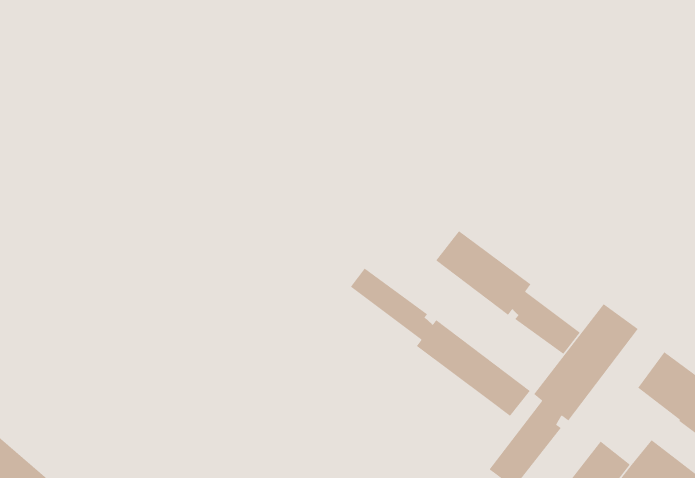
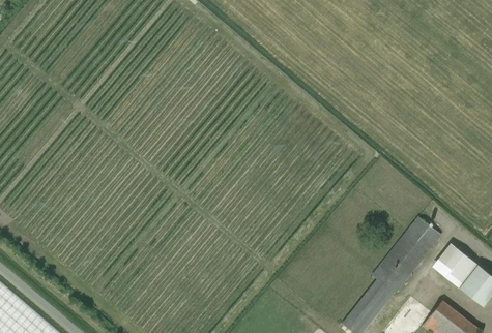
building: [435,230,581,355] -> none
building: [350,267,531,417] -> none

